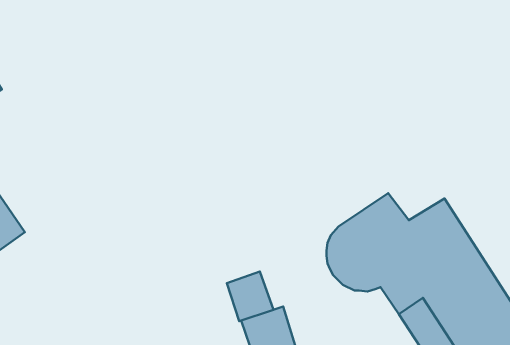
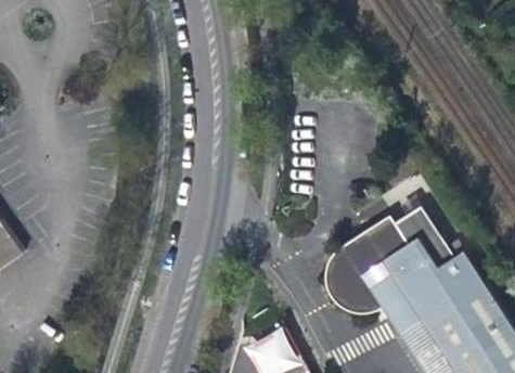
building: [227,272,273,321] -> none

